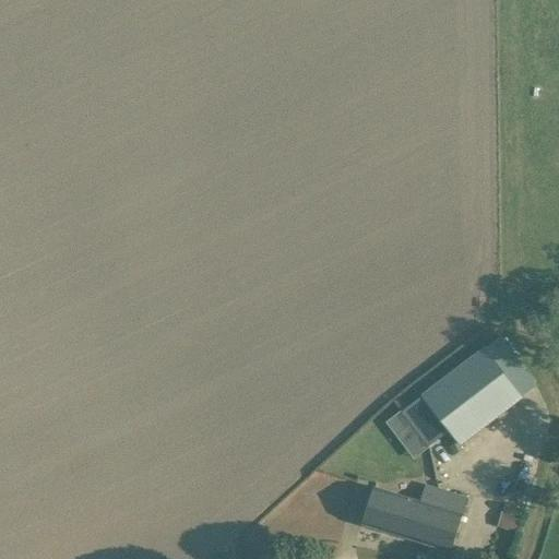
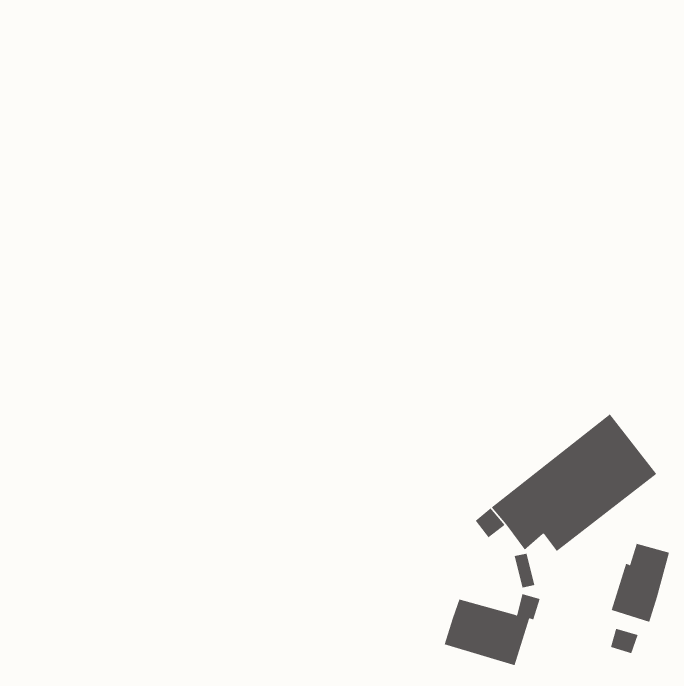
building: [419,487,467,551] -> [611,543,670,622]

